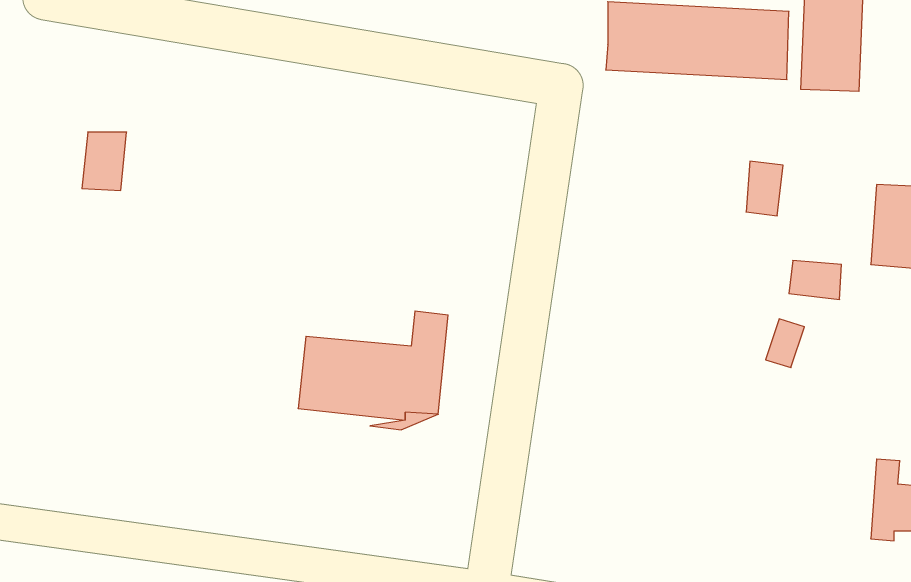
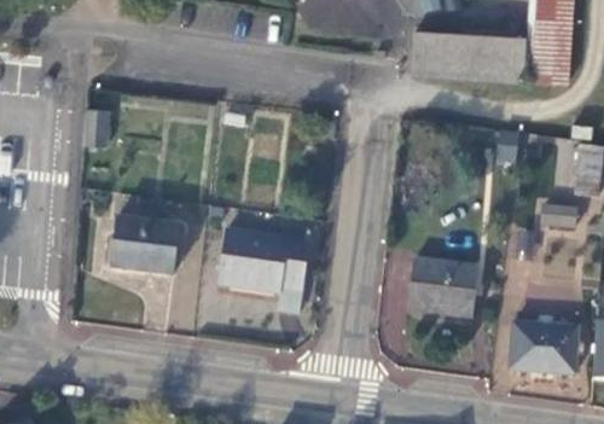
building: none -> [114,222,180,274]
building: none -> [412,266,478,316]
building: none -> [493,313,561,364]

